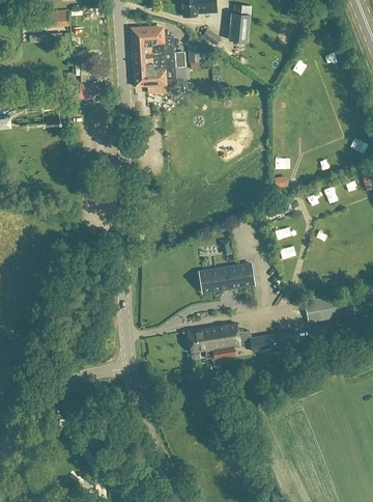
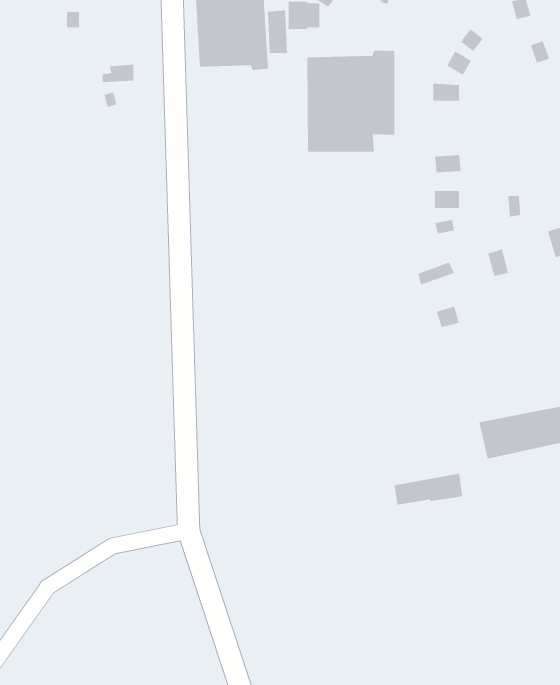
building: none -> [306,50,395,153]
building: [198,263,253,291] -> none
building: [187,323,239,360] -> none

